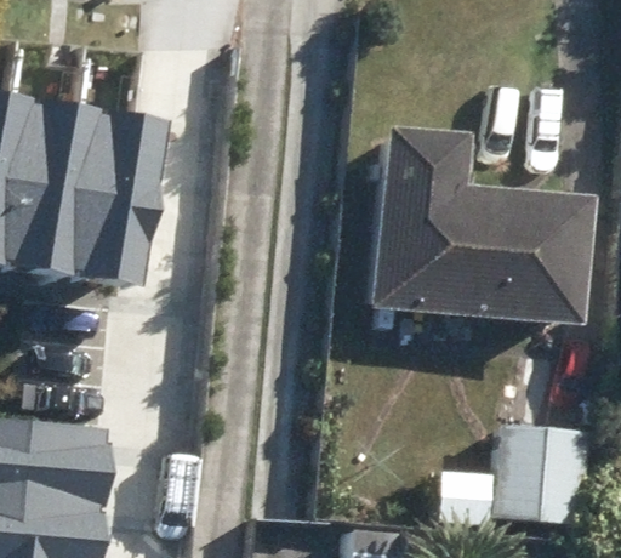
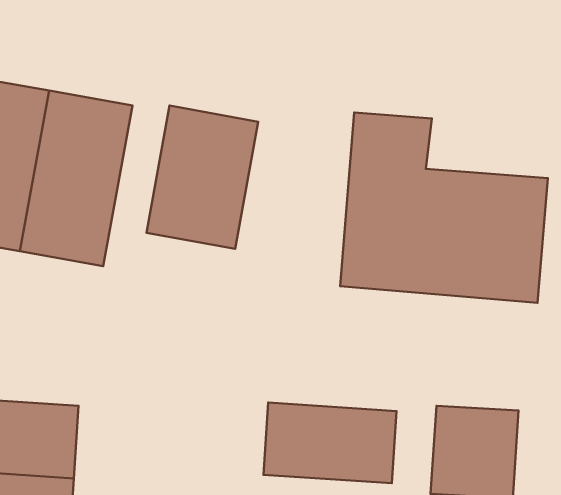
building: none -> [146,106,258,249]
building: none -> [263,403,397,483]

